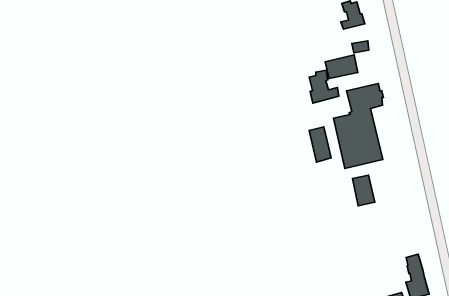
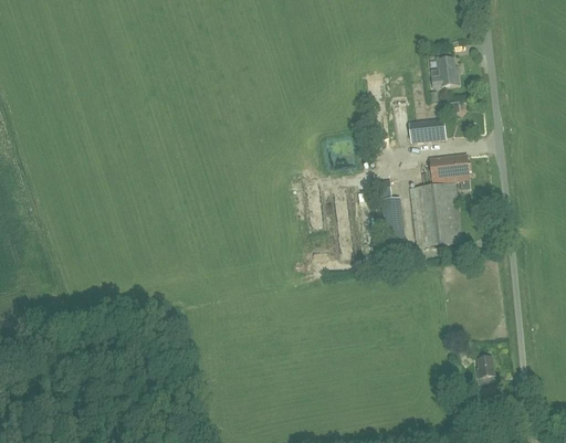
building: [309,70,339,103] -> none
building: [353,175,375,206] -> none

